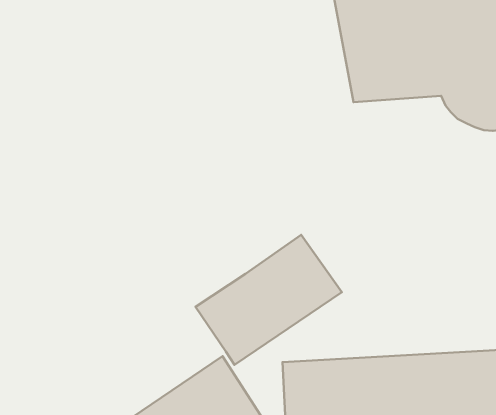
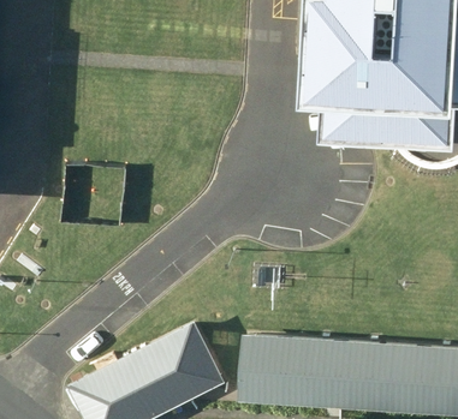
building: [195,235,342,365] -> none

